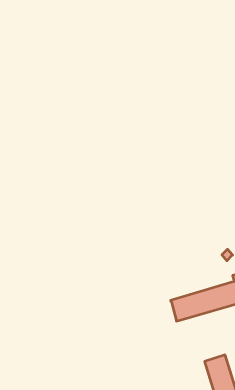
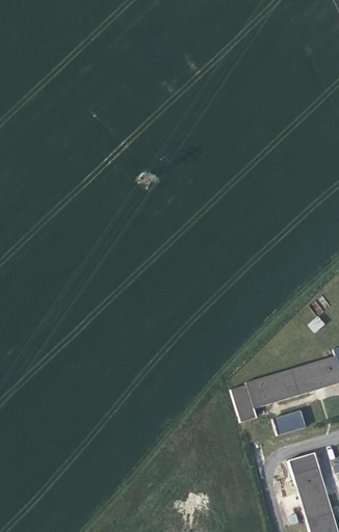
building: none -> [231,383,256,421]
building: none -> [272,411,308,437]

